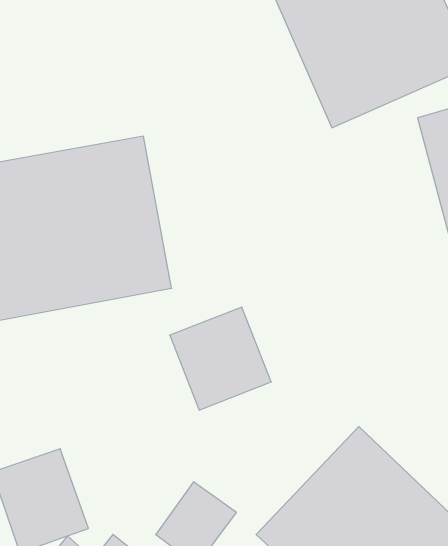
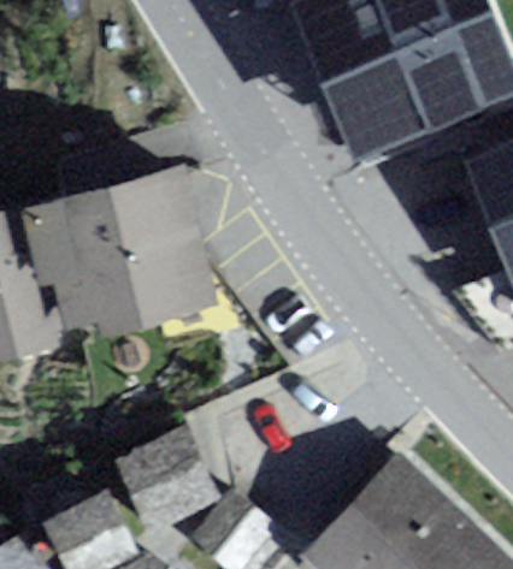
building: [170,307,271,410] -> [128,428,228,529]

